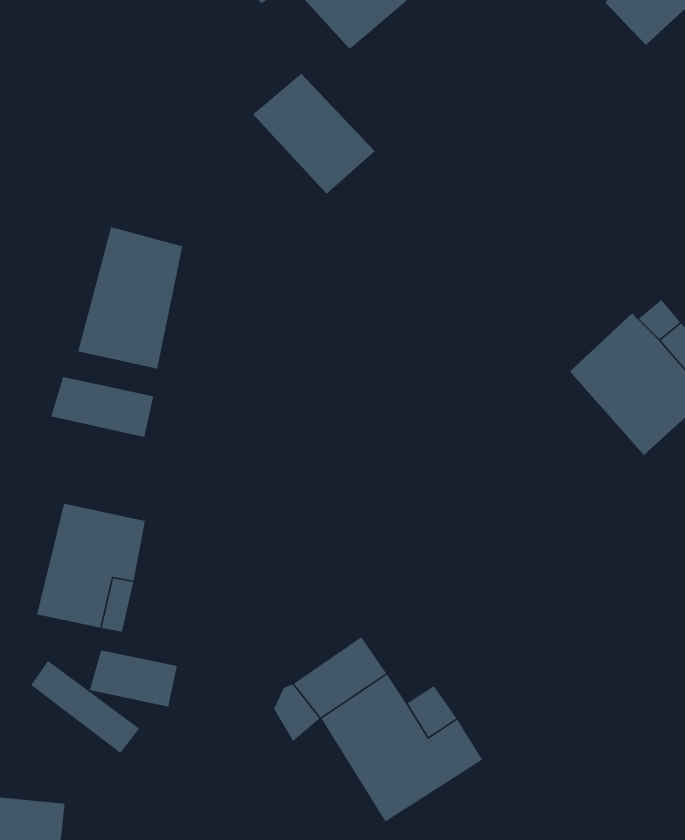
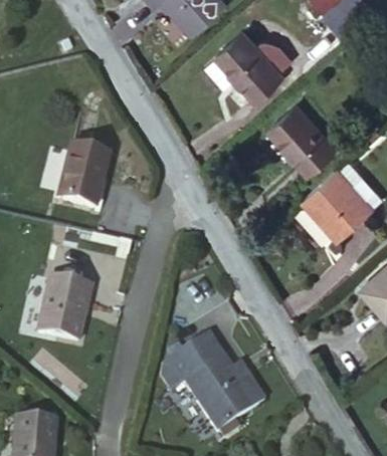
building: [252,73,376,194] -> [220,35,283,97]
building: none -> [275,106,338,172]
building: [50,376,154,438] -> none
building: [89,649,178,708] -> none

